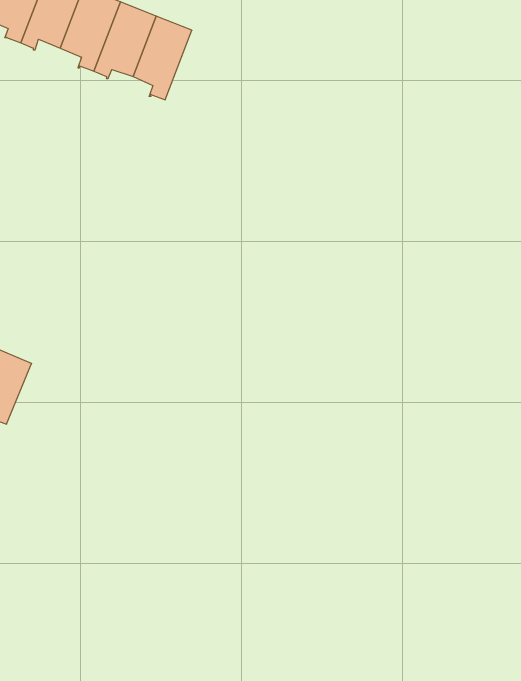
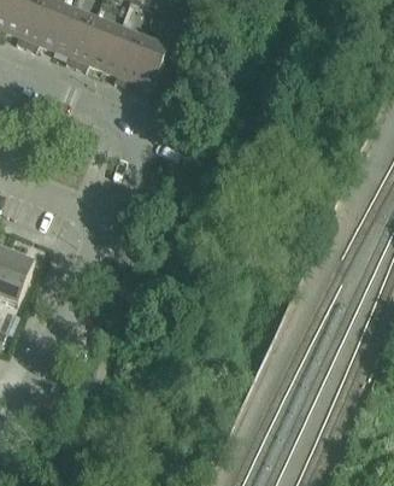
building: none -> [124,35,167,87]

